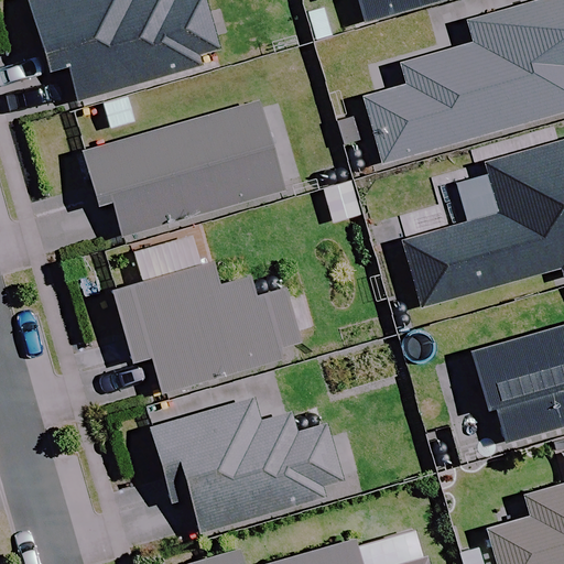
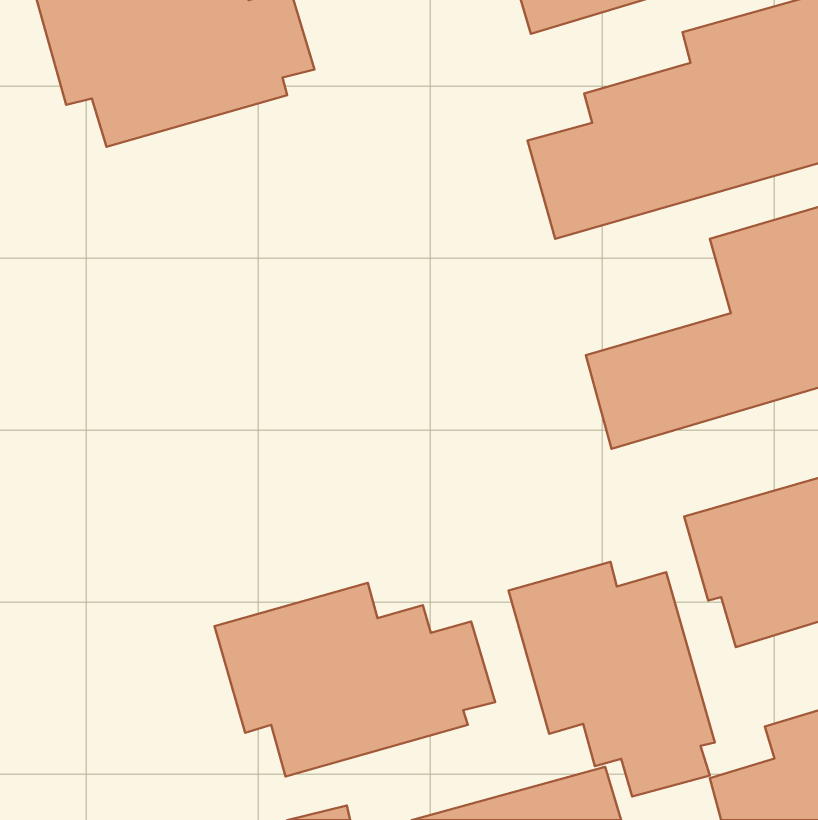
building: [83,101,284,236] -> none
building: [112,261,305,392] -> none
building: none -> [509,562,715,796]

